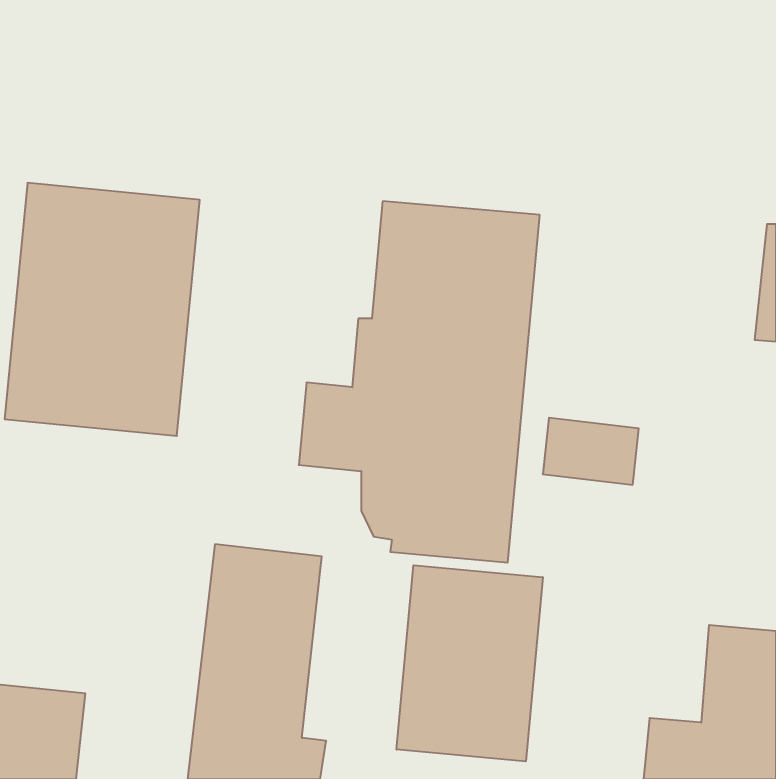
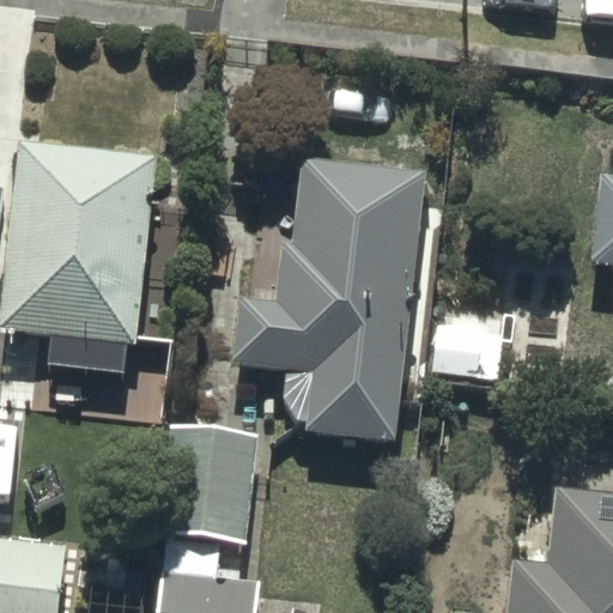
building: [397,565,543,761] -> none

